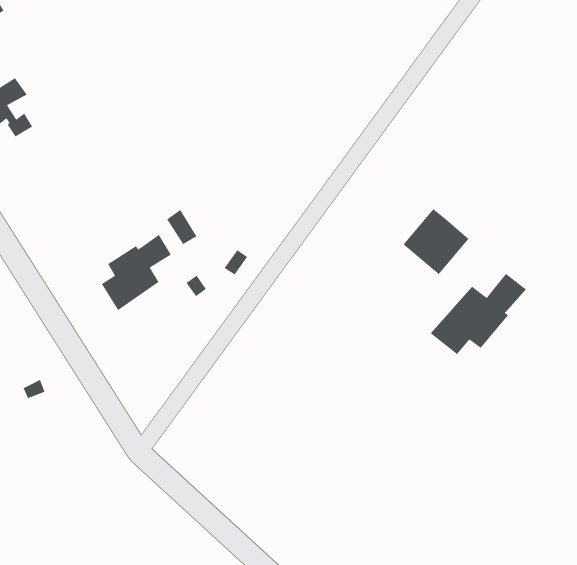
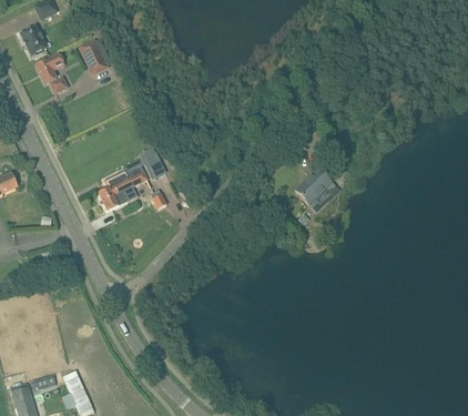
building: none -> [78,39,109,75]
building: [430,273,527,355] -> none

